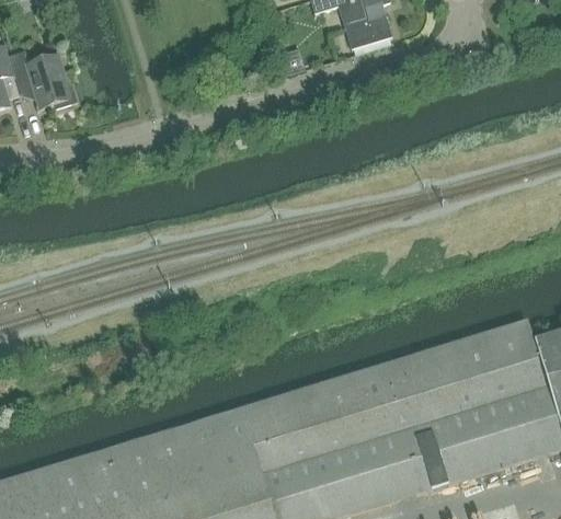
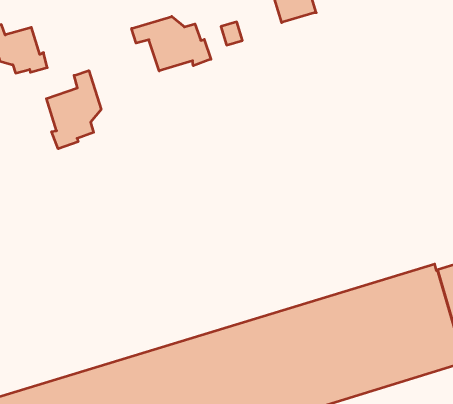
building: none -> [132,16,211,71]
building: none -> [46,71,101,149]

